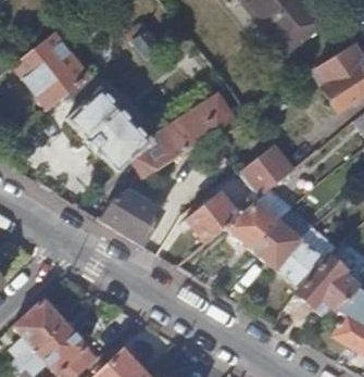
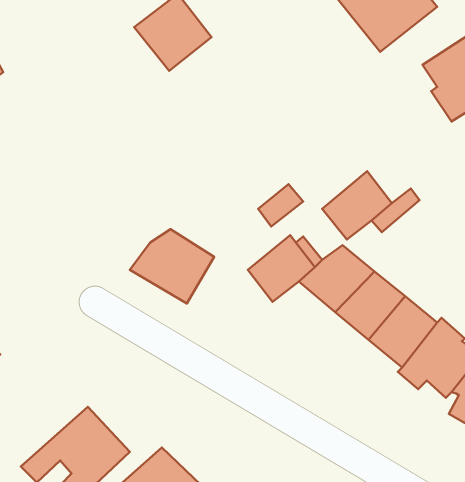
building: [10,30,88,110] -> none
building: [66,87,234,178] -> none
building: [10,297,66,367] -> none

